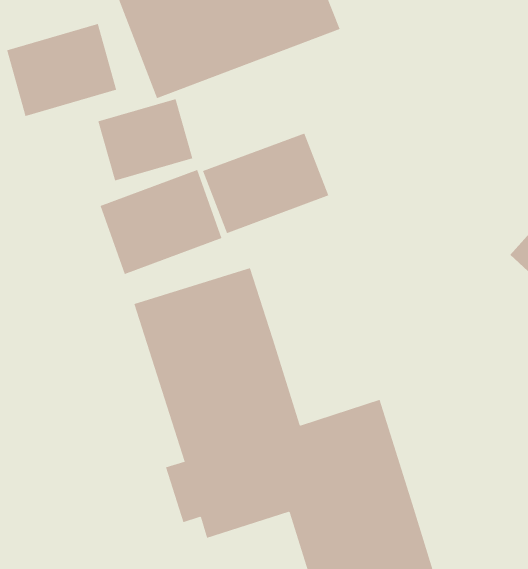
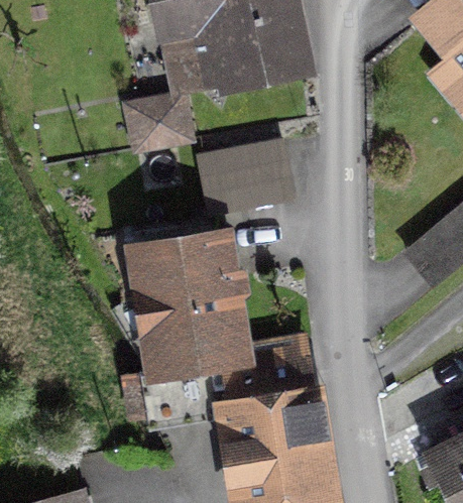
building: [7,23,117,117] -> none
building: [100,169,222,275] -> none

